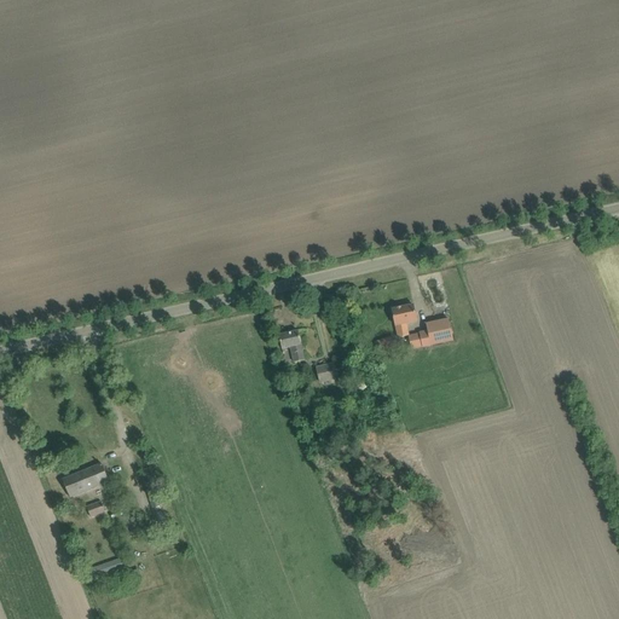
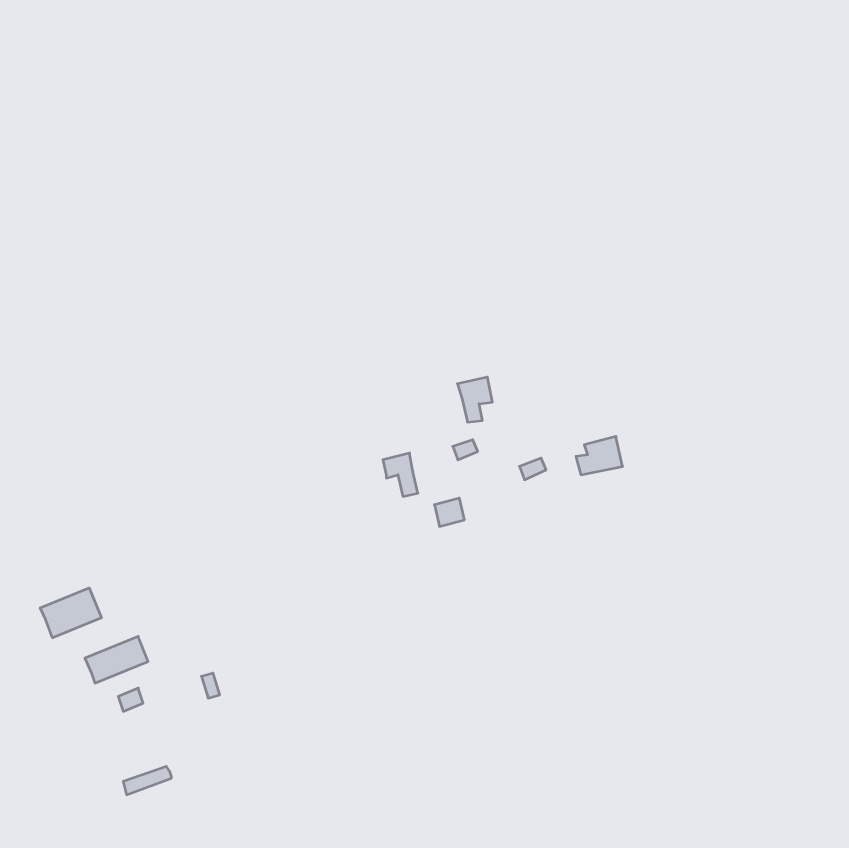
building: [391,302,416,335] -> [457,377,492,422]
building: none -> [40,588,101,638]

